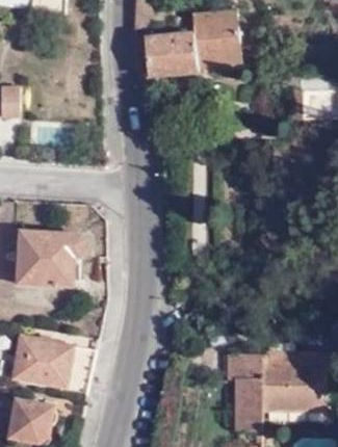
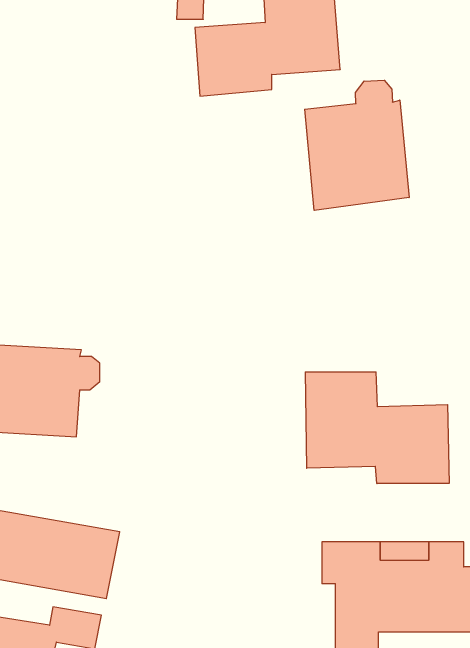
building: none -> [305,80,409,210]
building: none -> [305,372,449,484]

